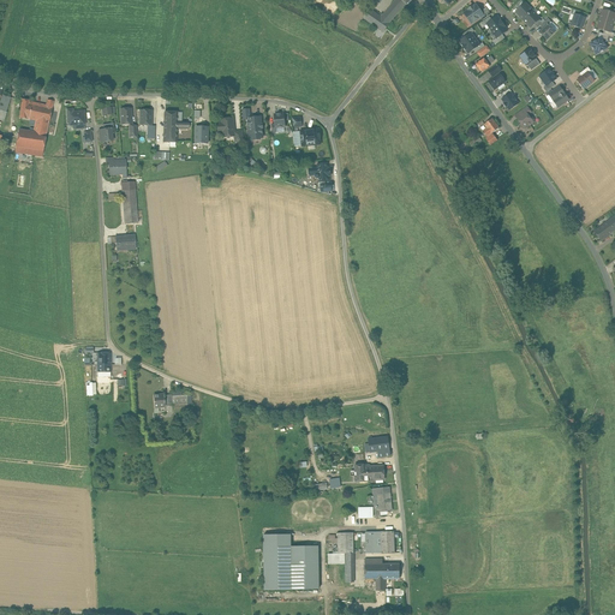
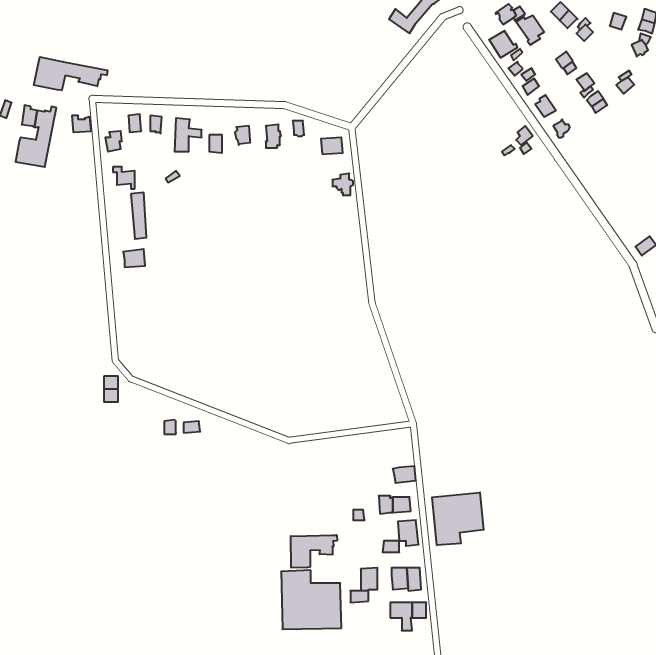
building: none -> [34,57,108,90]
building: none -> [432,492,483,545]
building: none -> [291,535,337,568]

